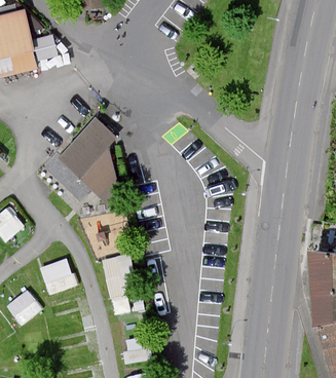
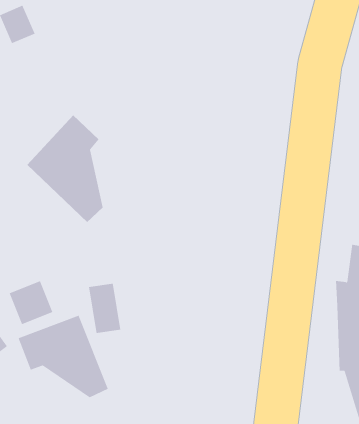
building: none -> [18,315,109,398]

